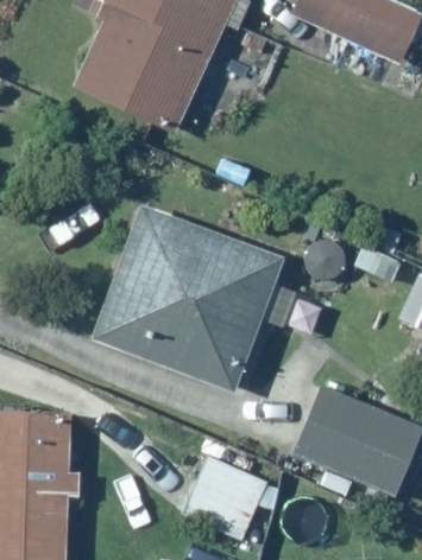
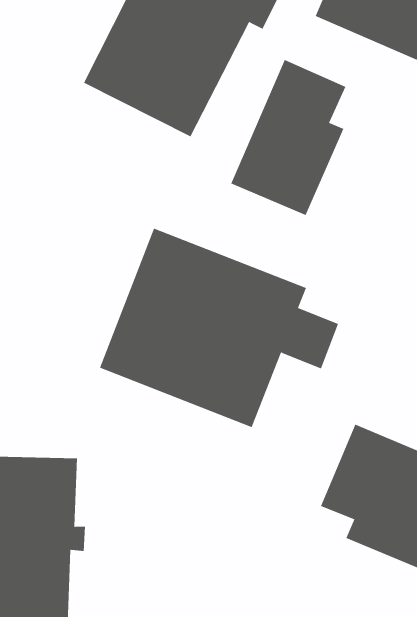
building: none -> [230,59,346,216]
building: [181,453,282,545] -> none

